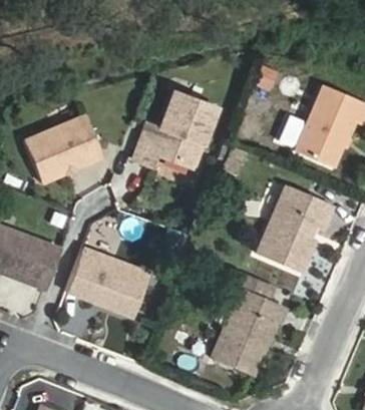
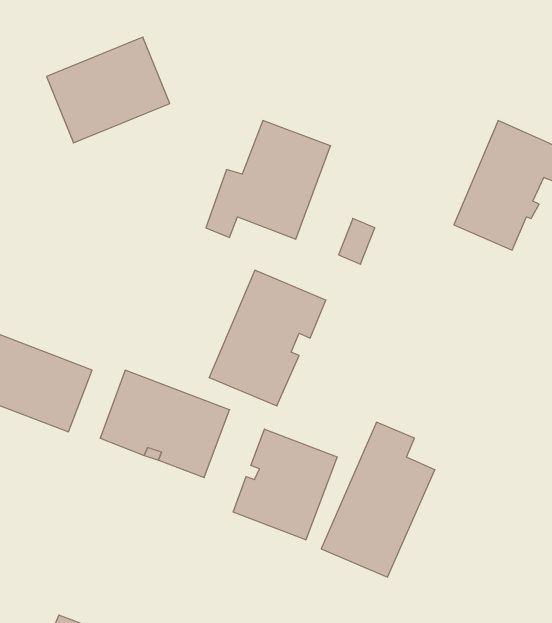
building: [28,111,106,178] -> [47,37,170,143]
building: [257,187,331,274] -> [209,270,326,406]
building: none -> [233,429,337,540]

